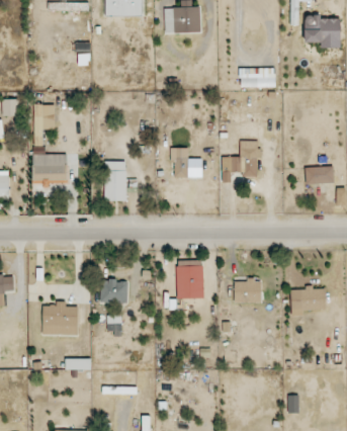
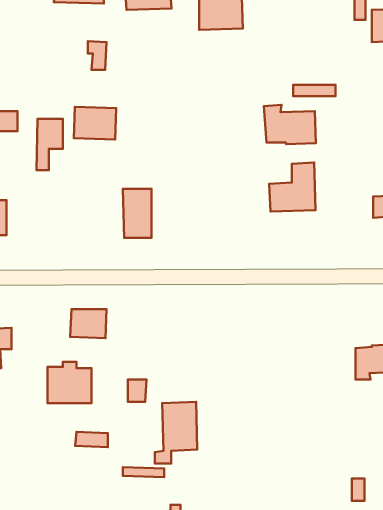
building: none -> [264,105,316,144]
building: [170,148,188,178] -> none
building: [32,154,67,180] -> [74,107,116,139]
building: [170,260,204,310] -> [155,402,197,463]
building: [99,280,128,304] -> [70,309,107,338]
building: [234,280,261,304] -> none

